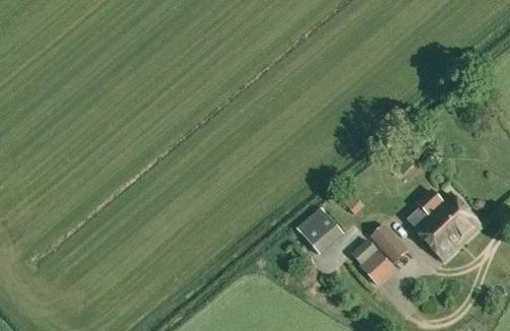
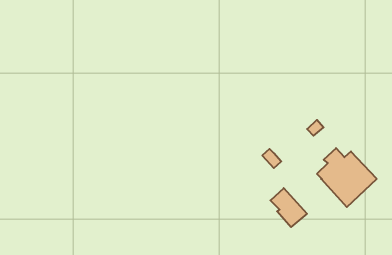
building: [297,207,343,255] -> none
building: [370,223,408,263] -> none

